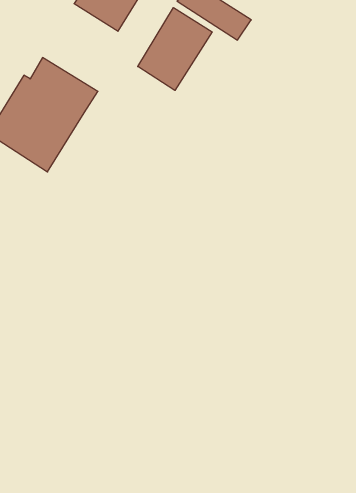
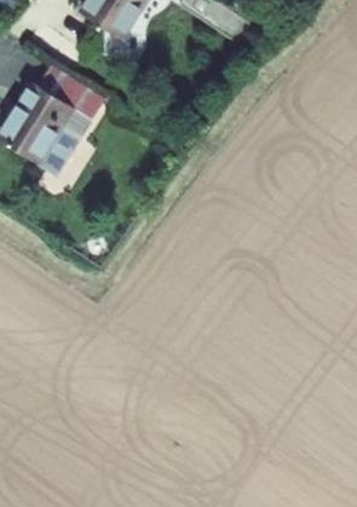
building: [138,8,212,90] -> none

